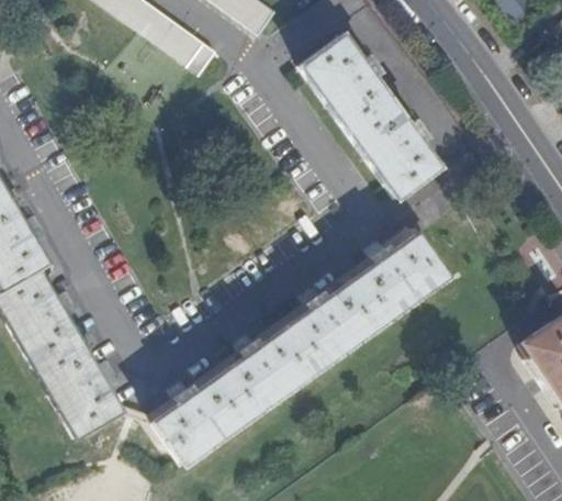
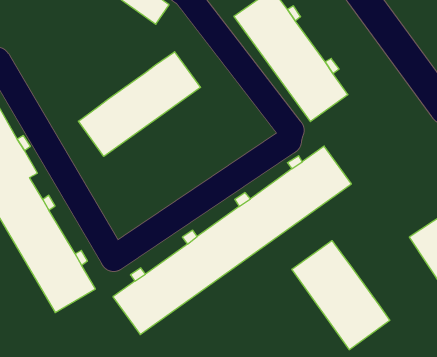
building: none -> [78,52,201,156]
building: none -> [292,241,390,350]

